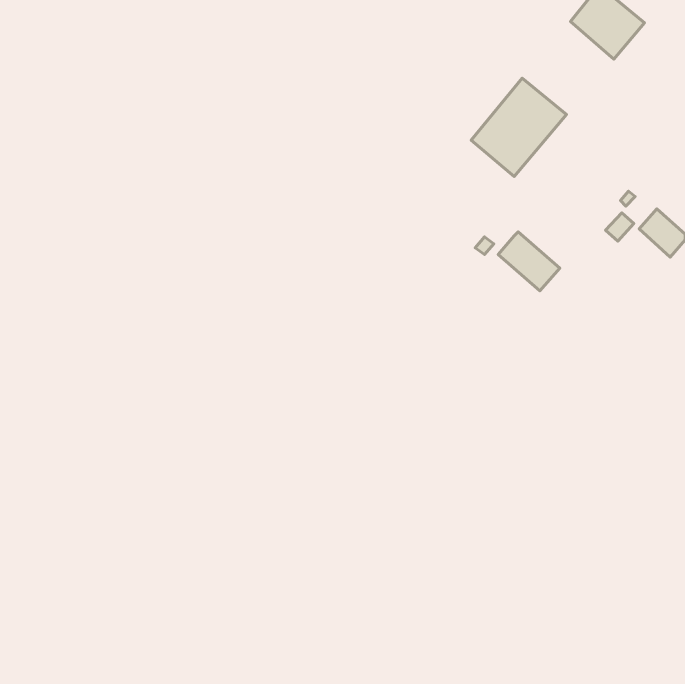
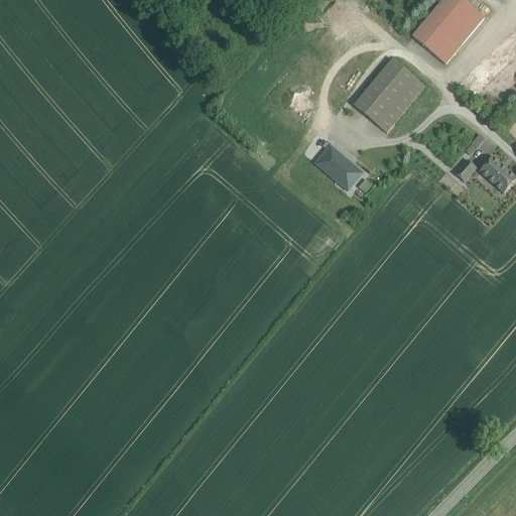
building: none -> [411,16,460,63]
building: [498,232,560,291] -> [314,145,361,189]

